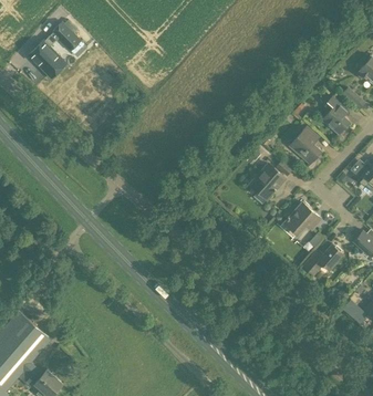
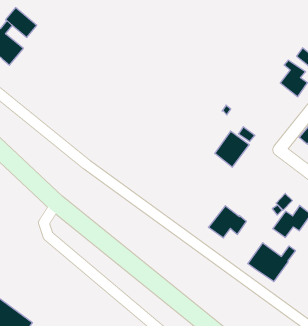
building: [288,126,320,165] -> none
building: [282,202,321,235] -> [208,206,246,238]
building: none -> [248,243,295,282]

